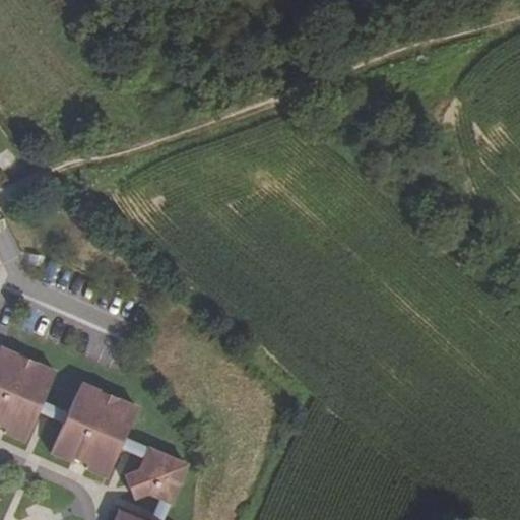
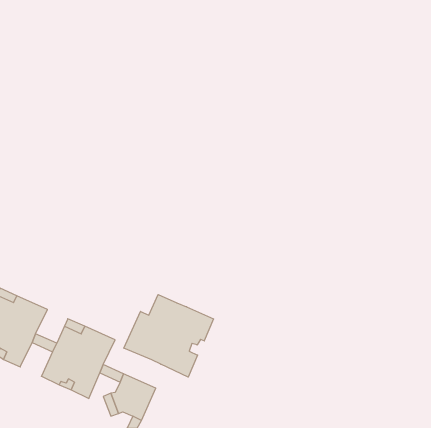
building: none -> [124,295,214,377]

